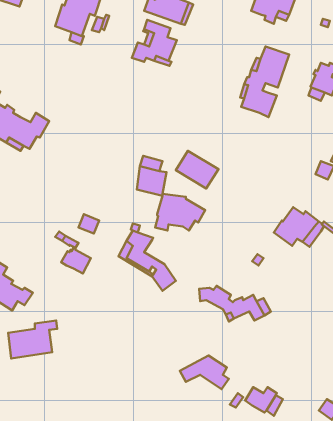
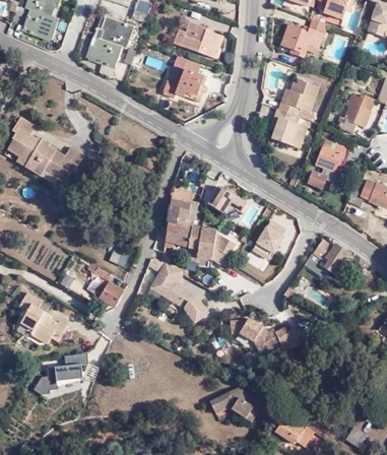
building: none -> [307,134,359,190]
building: none -> [164,221,193,246]
building: none -> [249,223,282,269]

